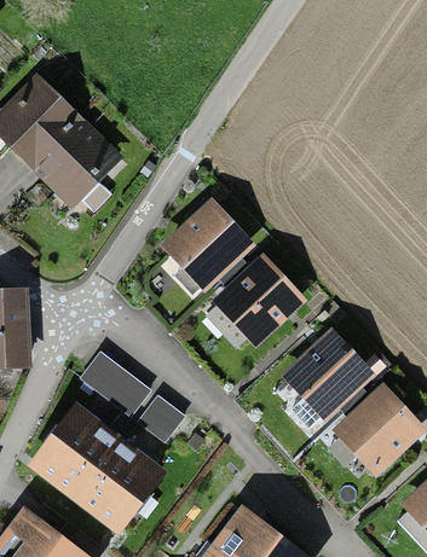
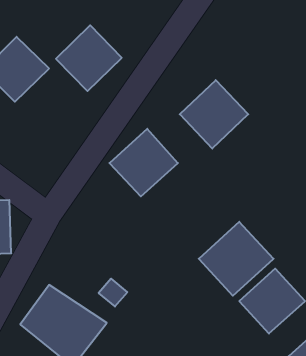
building: [30,118,119,207] -> [56,25,122,91]
building: [210,253,302,344] -> [180,80,248,149]
building: [83,352,151,414] -> none

